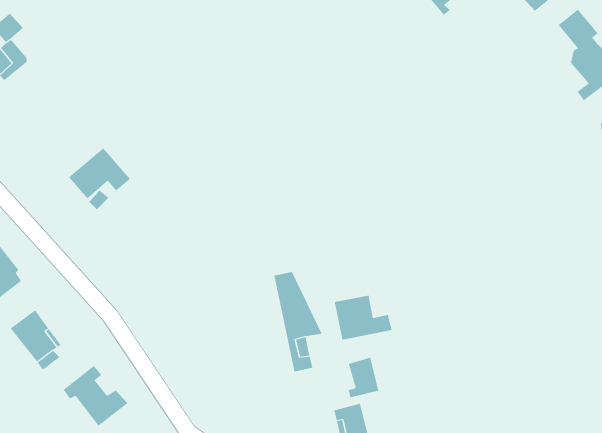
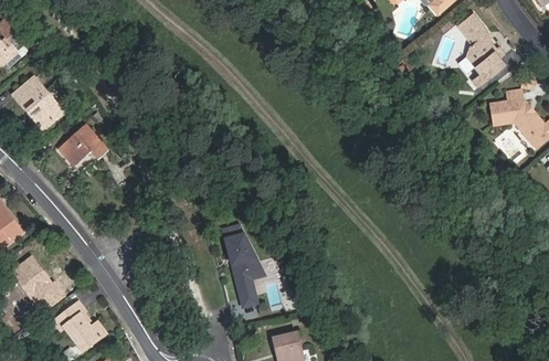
building: none -> [14,78,63,128]
building: [334,295,392,340] -> none
building: [348,357,379,398] -> none

